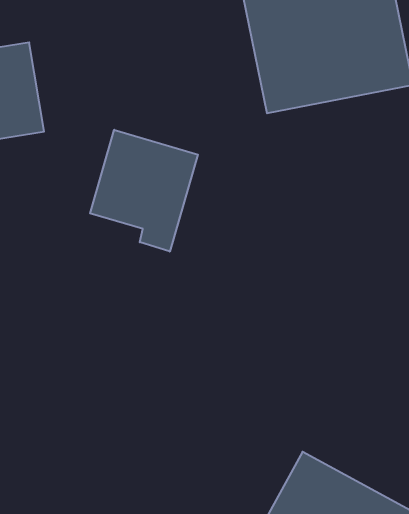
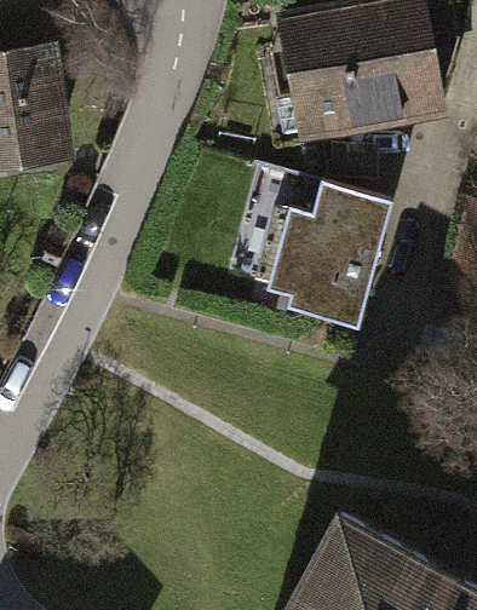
building: [90,130,198,252] -> none
building: none -> [243,171,397,334]

